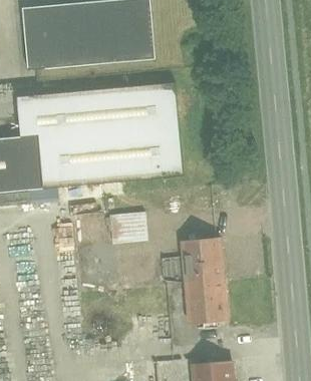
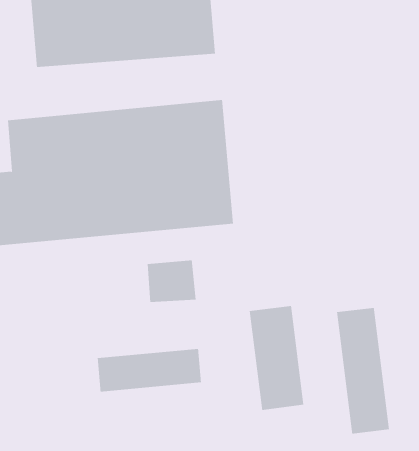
building: none -> [336,307,390,434]
building: none -> [97,348,202,392]

